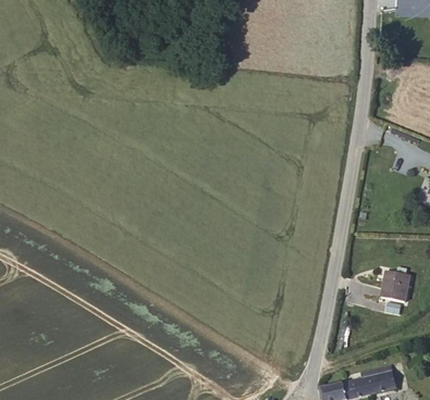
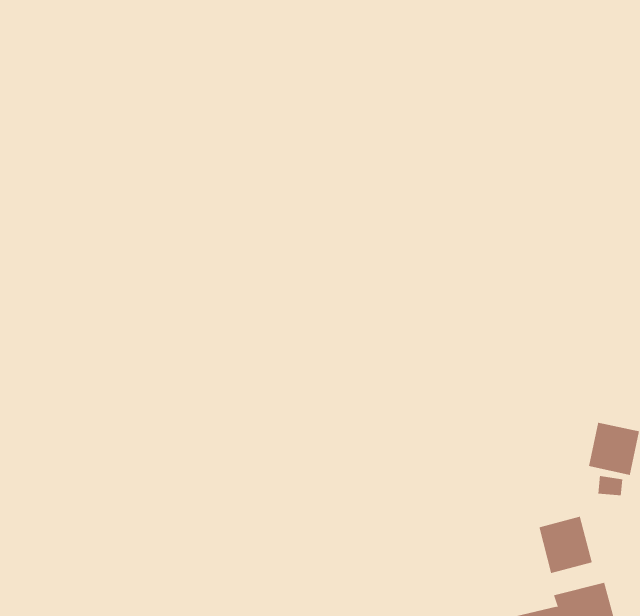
building: none -> [539,516,592,574]

